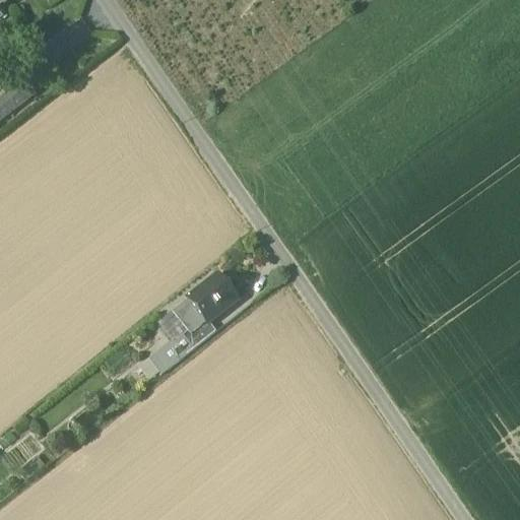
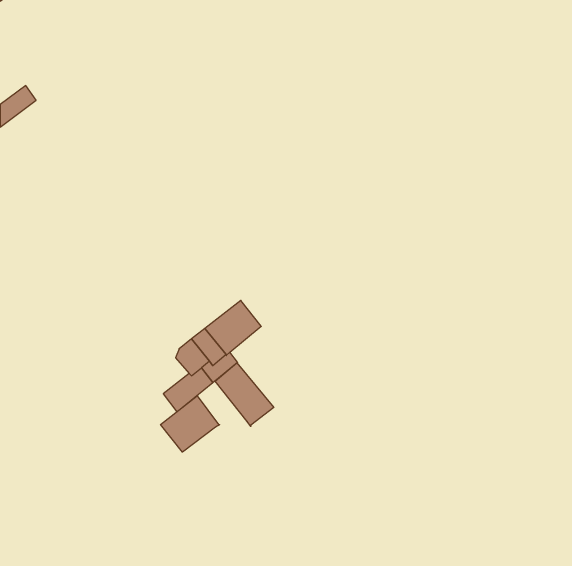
building: none -> [215,363,274,426]
building: none -> [161,396,220,452]

